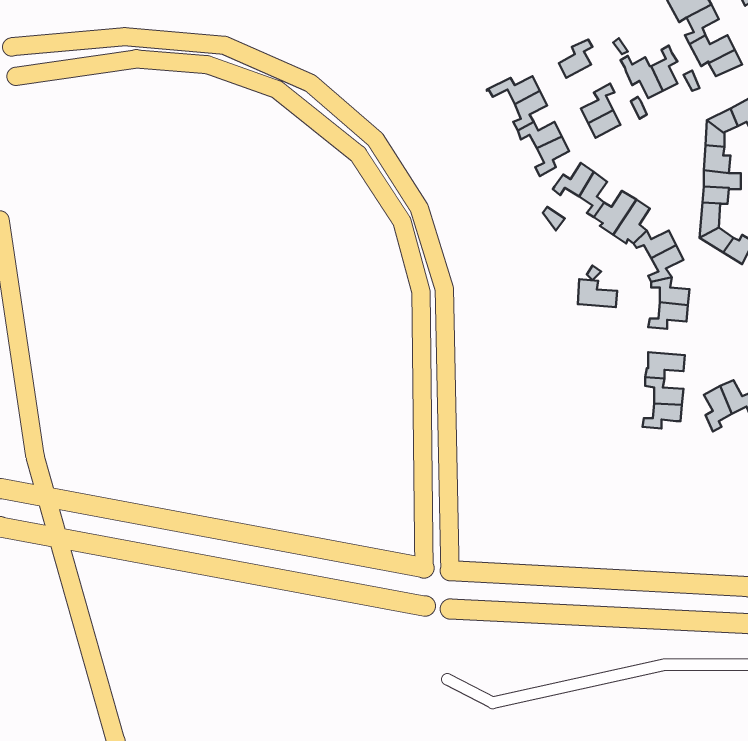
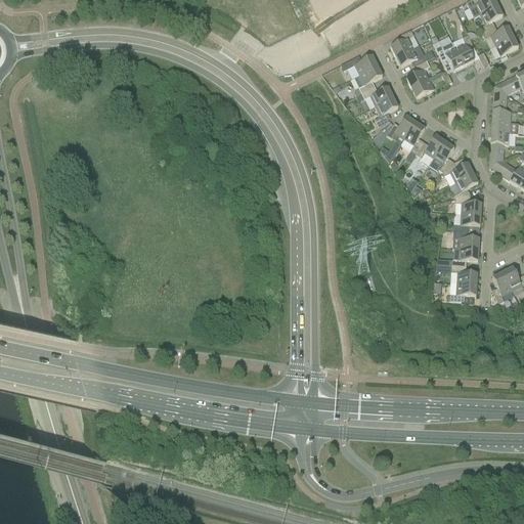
building: none -> [396,43,427,64]
building: [578,279,617,307] -> [452,228,480,248]

